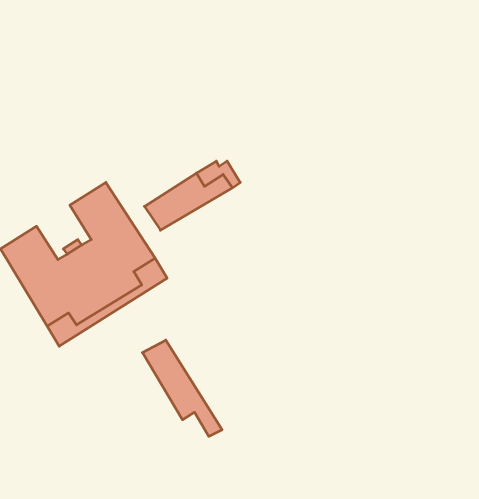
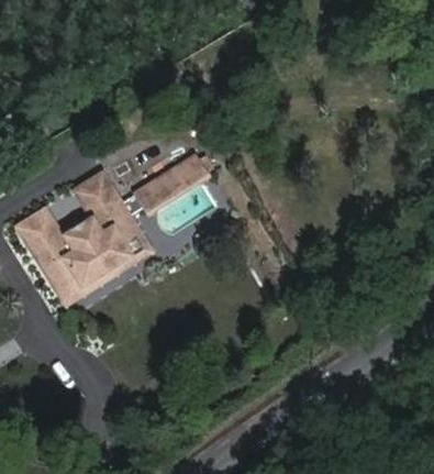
building: [142,340,222,436] -> none

